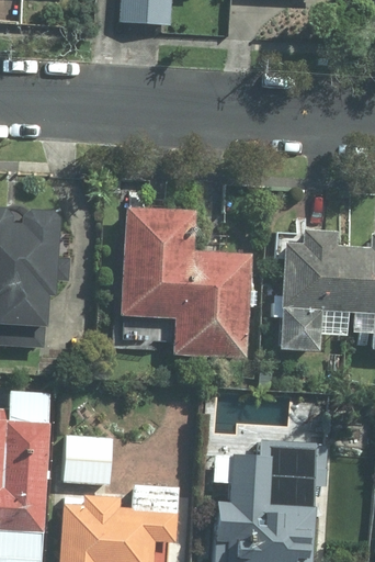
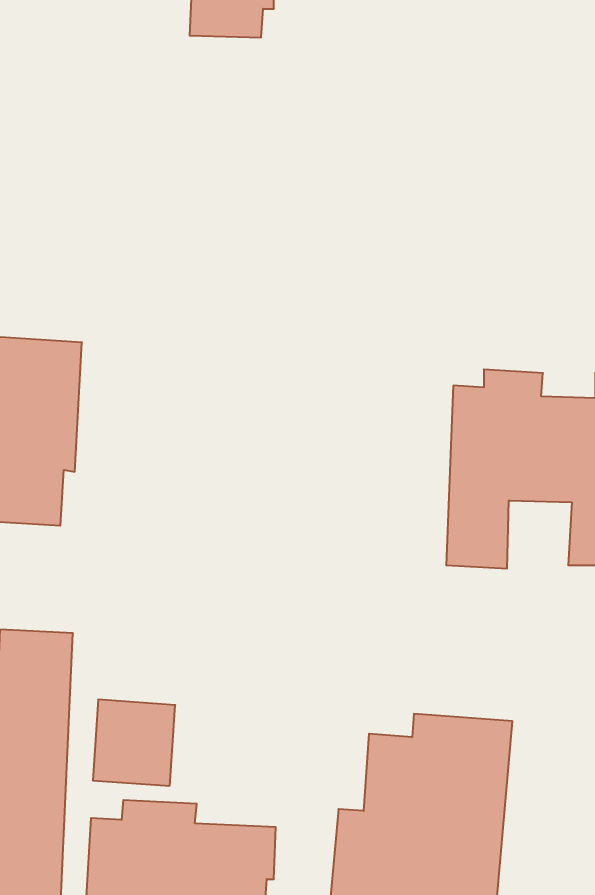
building: [122,209,250,357] -> none

